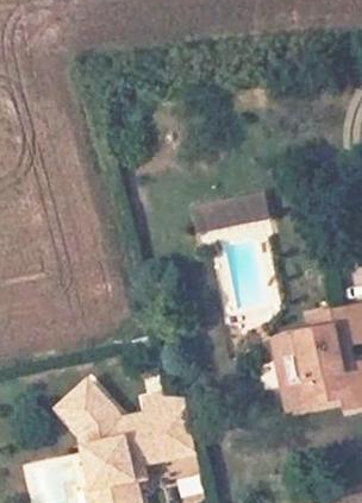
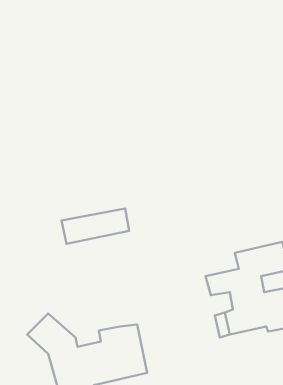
building: [185,197,264,239] -> [62,209,129,244]

